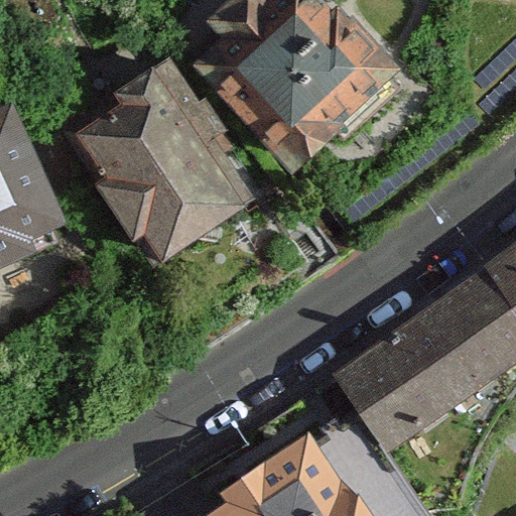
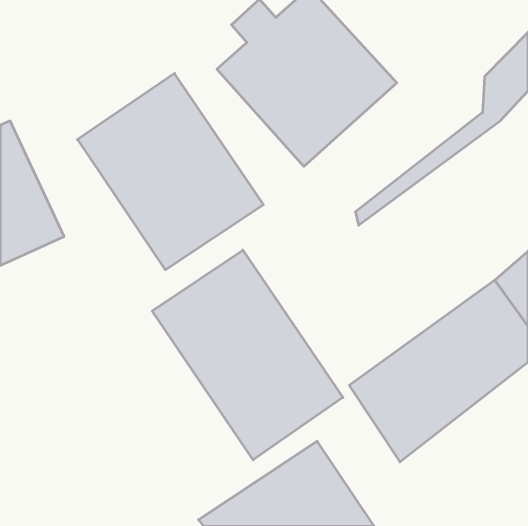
building: none -> [152,250,343,460]

